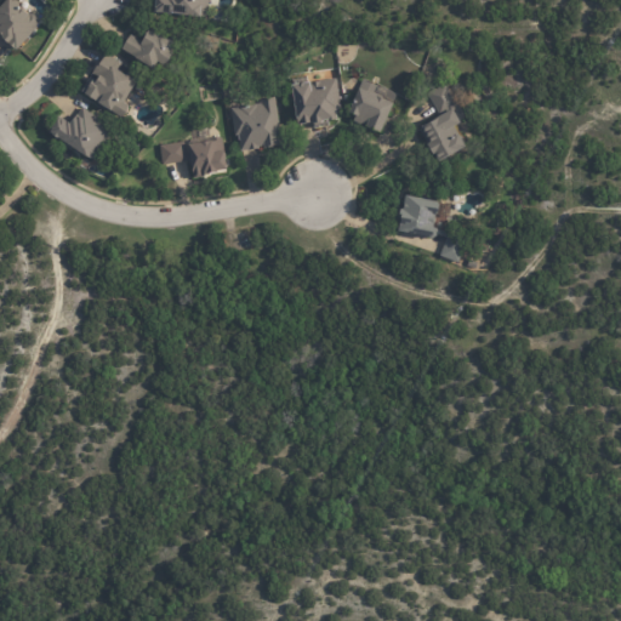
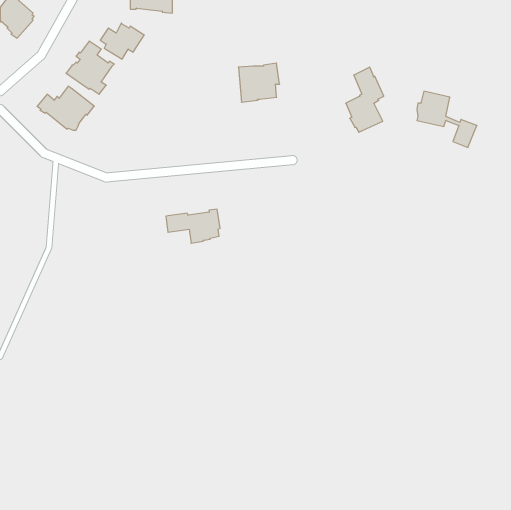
building: [344,86,392,132] -> none
building: [230,95,281,149] -> none
building: [161,136,227,177] -> [166,209,220,243]
building: [400,195,473,263] -> [417,91,477,147]

